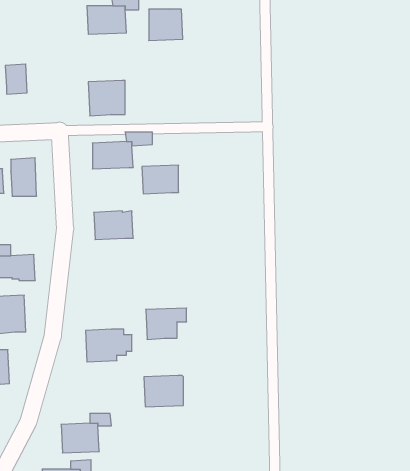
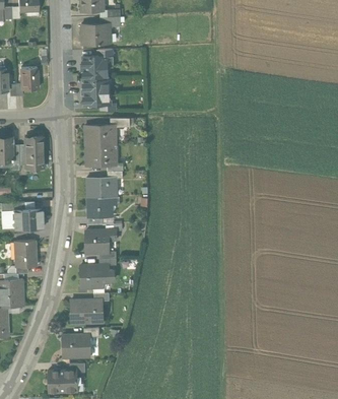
building: [149,9,183,41] -> [83,57,109,80]
building: [142,165,179,194] -> [86,144,114,165]
building: none -> [88,197,112,218]
building: [146,308,187,339] -> [86,229,117,253]
building: [144,376,183,407] -> [72,300,102,323]

